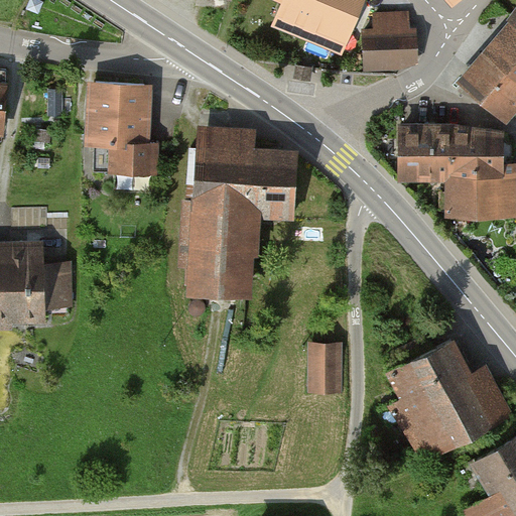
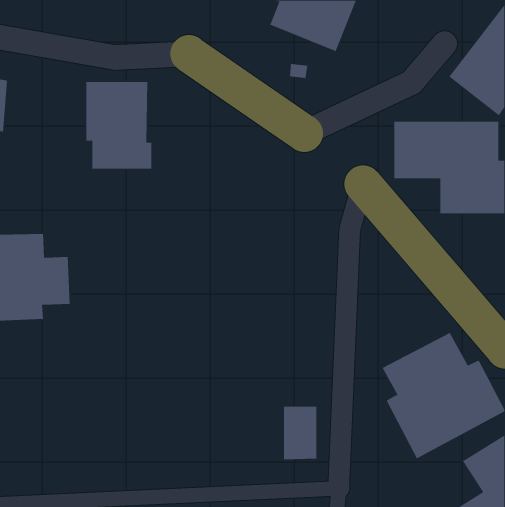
building: [361,10,418,71] -> none
building: [186,126,299,300] -> none
building: [306,341,341,395] -> [283,406,317,460]

